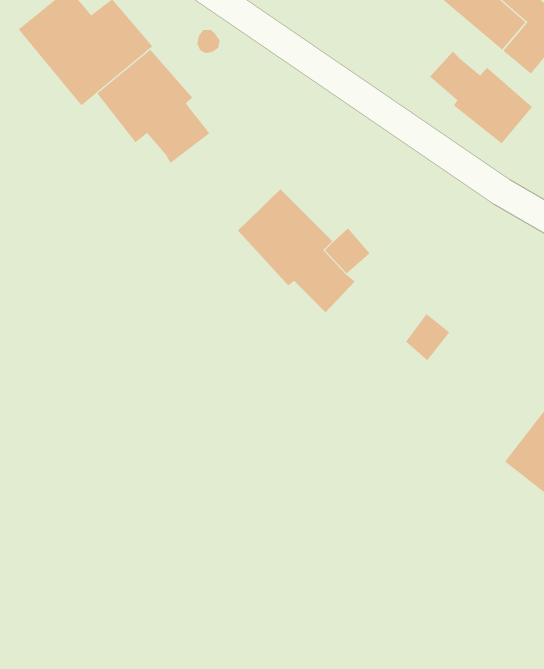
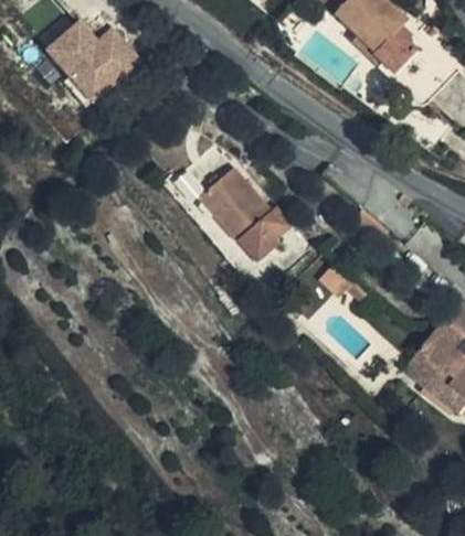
building: [96,49,210,164] -> none
building: [429,51,533,144] -> none

